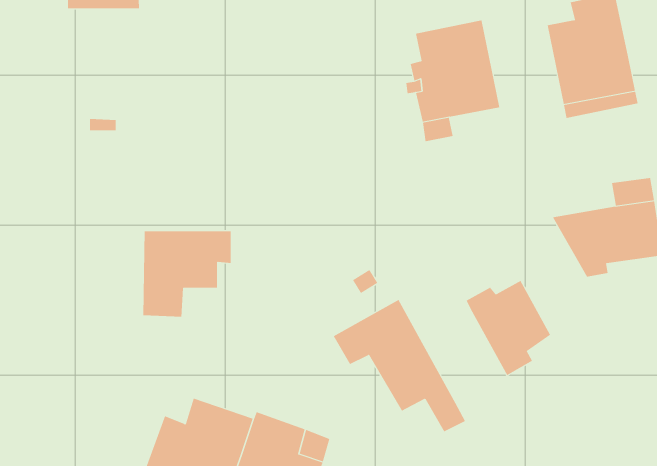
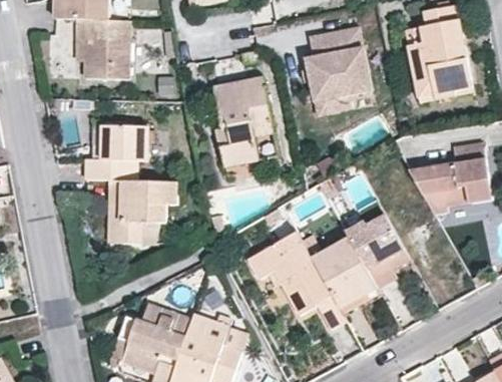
building: none -> [76,18,129,78]
building: none -> [212,78,272,166]
building: none -> [87,125,147,180]
building: none -> [312,238,376,307]

